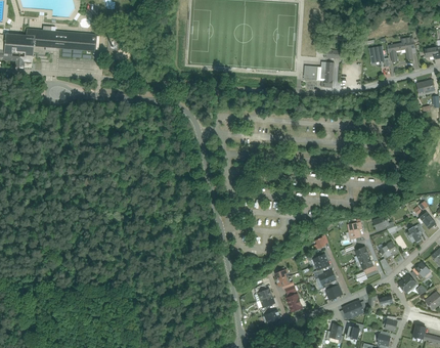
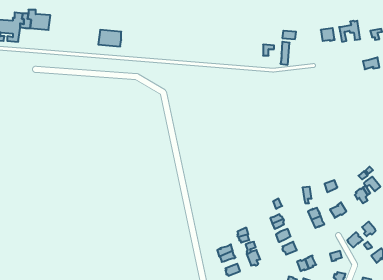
building: [65,33,91,51] -> [98,30,121,46]

